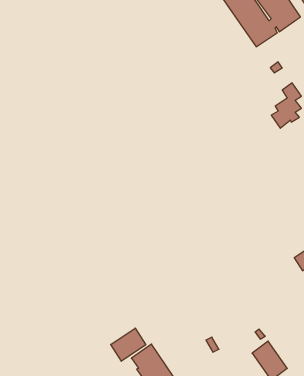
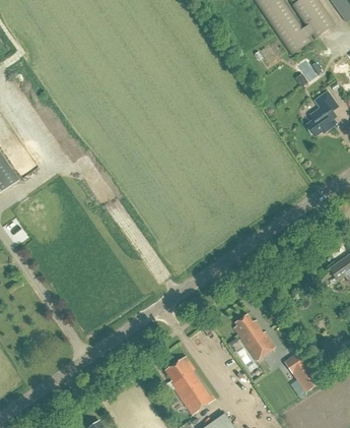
building: none -> [233,313,275,360]
building: [111,328,146,361] -> none

